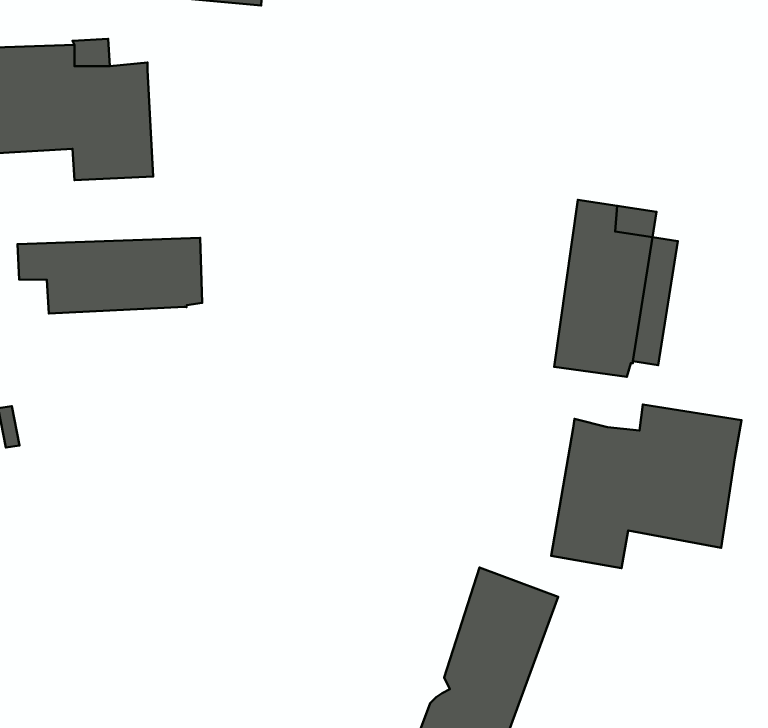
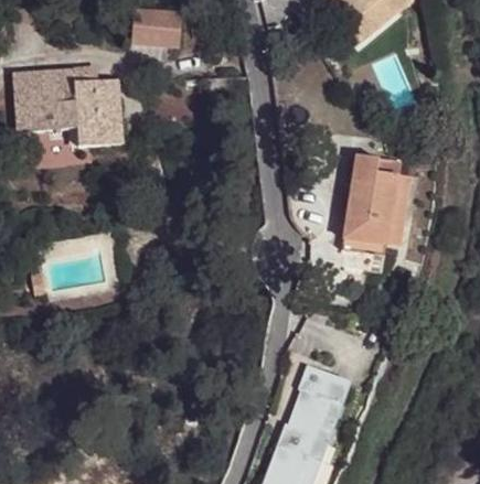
building: [18,238,202,314] -> none
building: [551,405,741,568] -> none

